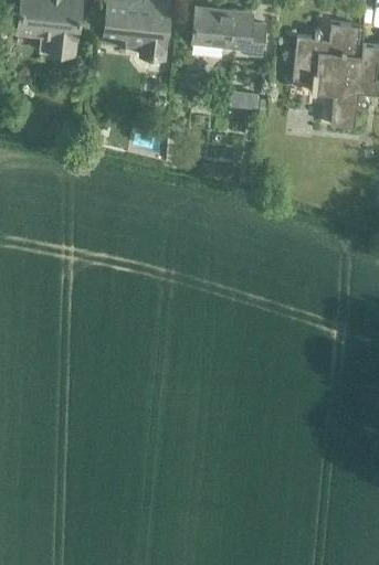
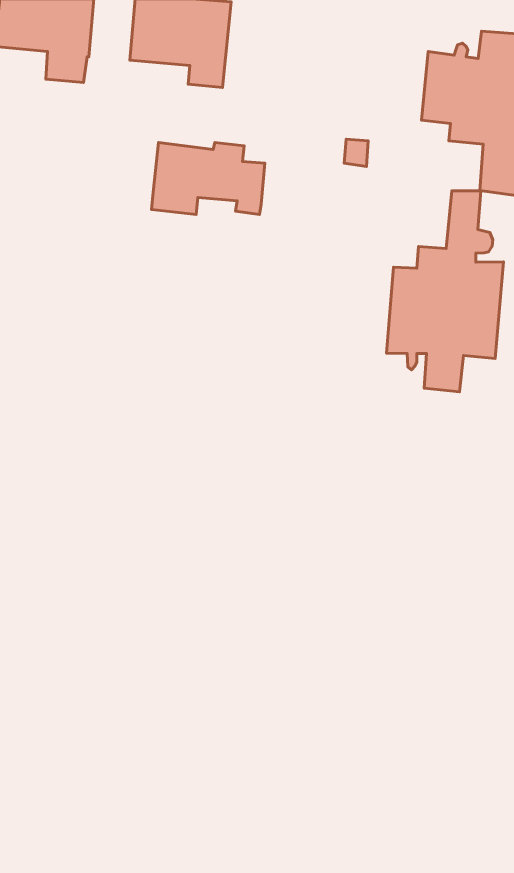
building: [191,10,264,56] -> [152,143,265,214]
building: none -> [386,191,504,392]

